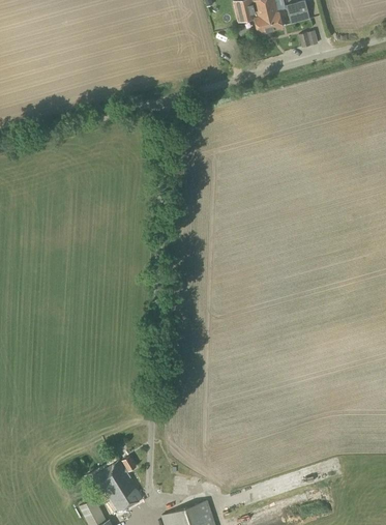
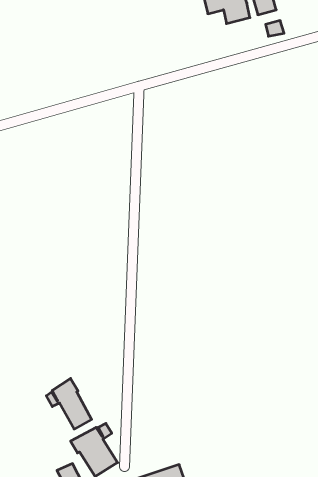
building: none -> [46,378,92,429]

